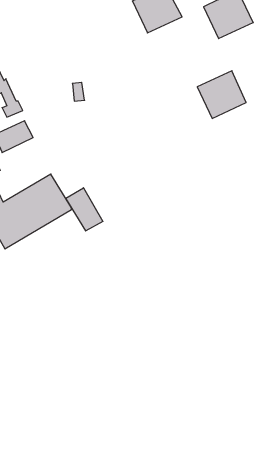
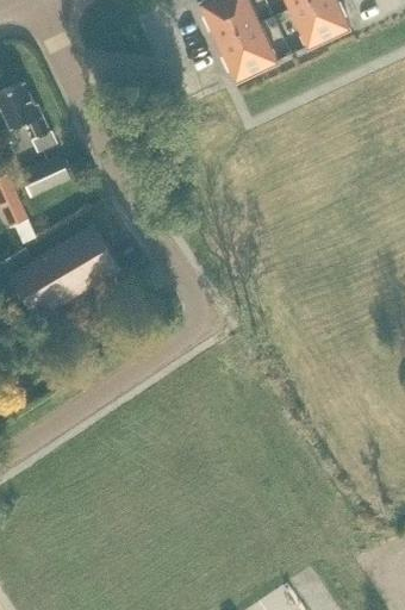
building: [197,71,246,118] -> [214,23,276,83]
building: [66,188,103,231] -> none

